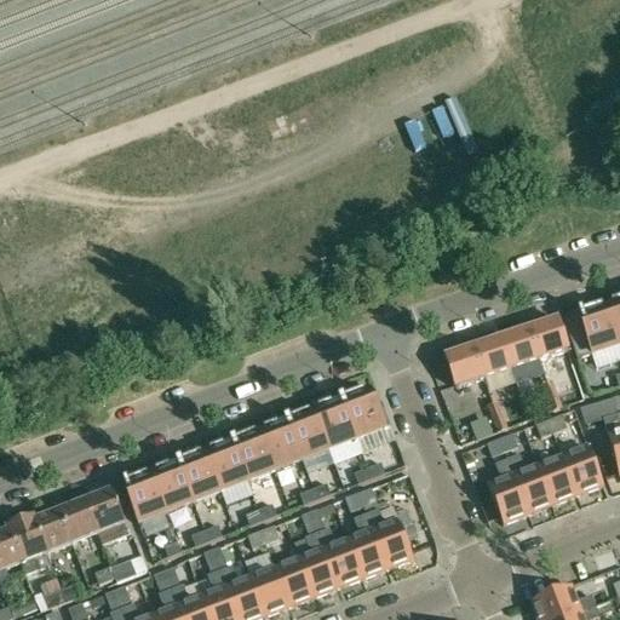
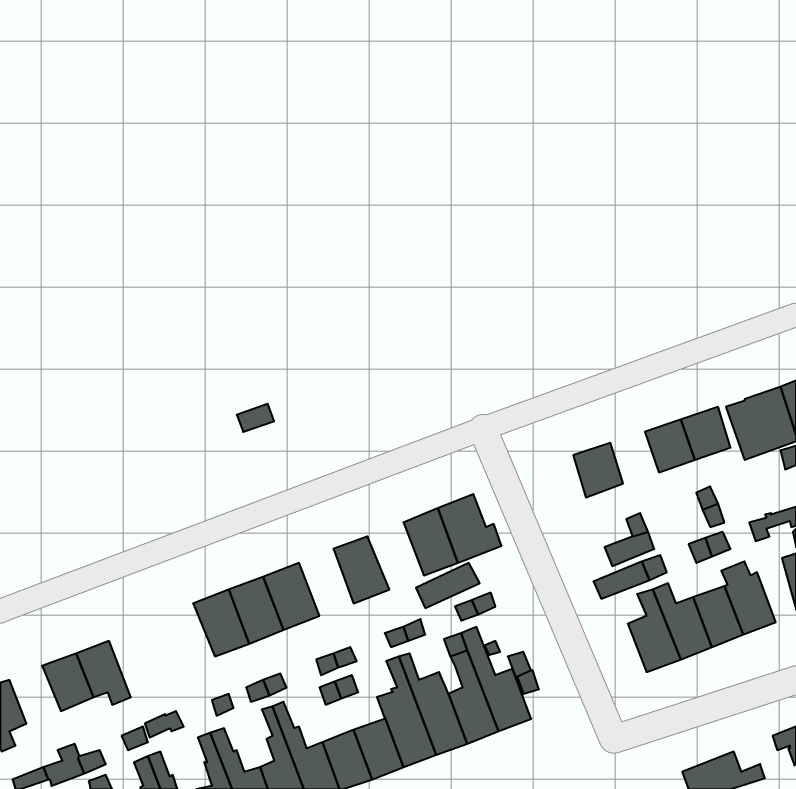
building: [475,335,512,375] -> none
building: [286,406,329,458] -> none
building: [232,426,275,478] -> none
building: [122,469,167,521] -> none
building: [85,490,130,544] -> none
building: [7,517,51,574] -> none

